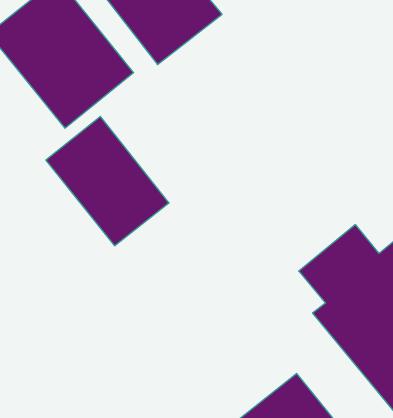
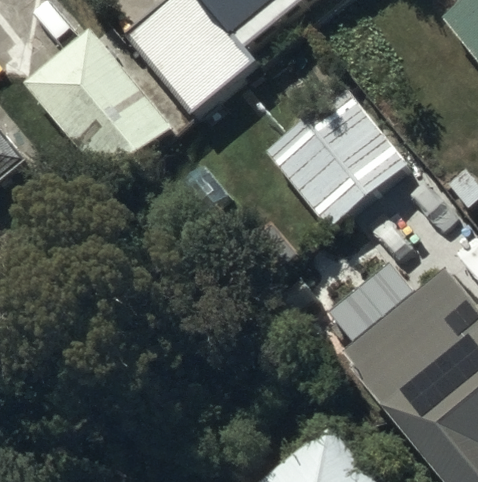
building: none -> [263,83,410,230]
building: [46,116,169,246] -> none

